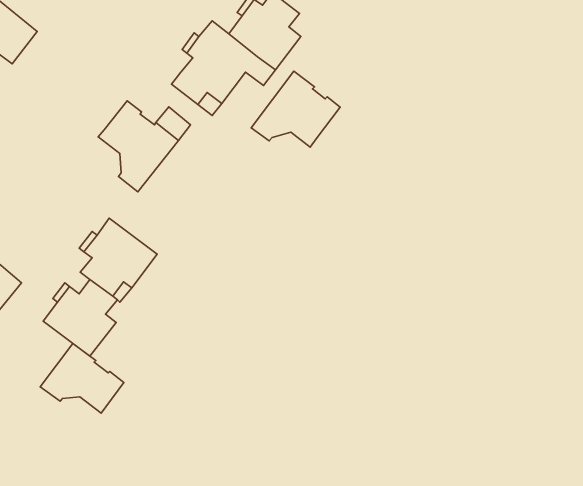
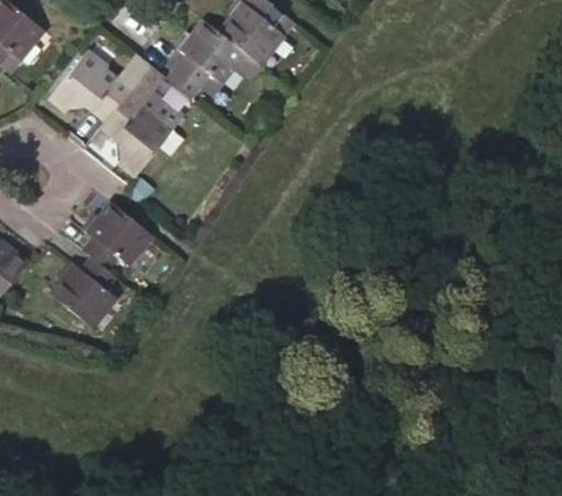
building: none -> [49,49,149,120]
building: [251,71,340,147] -> none
building: [40,343,124,413] -> none

